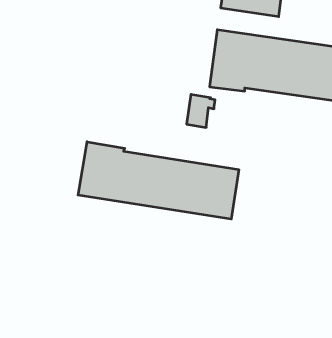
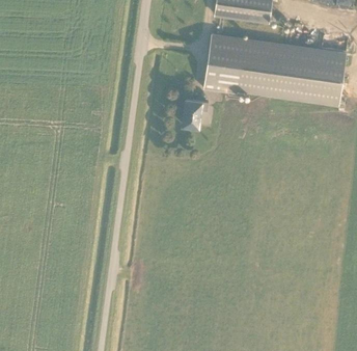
building: [78,142,239,219] -> none

